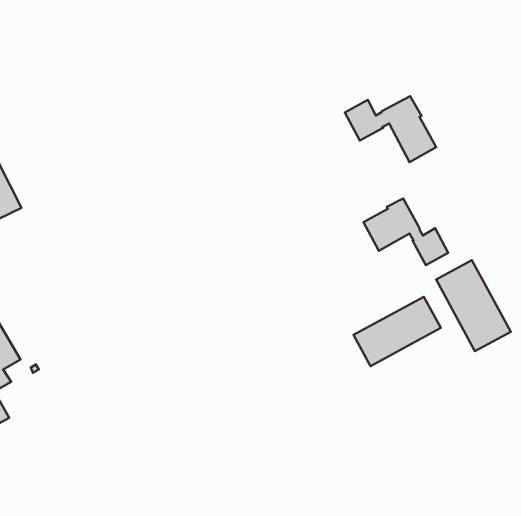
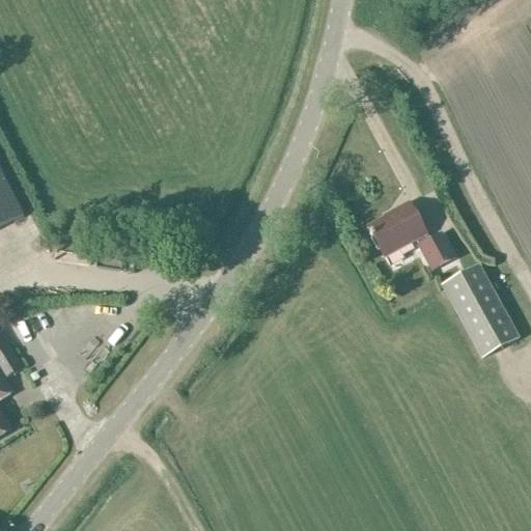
building: [345,96,436,162] -> none
building: [353,297,441,366] -> none

